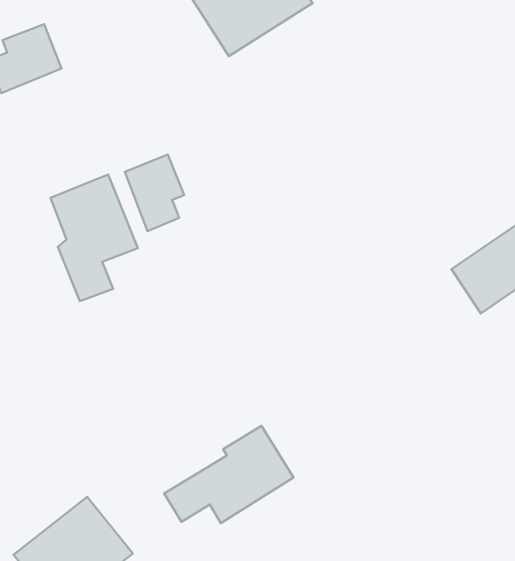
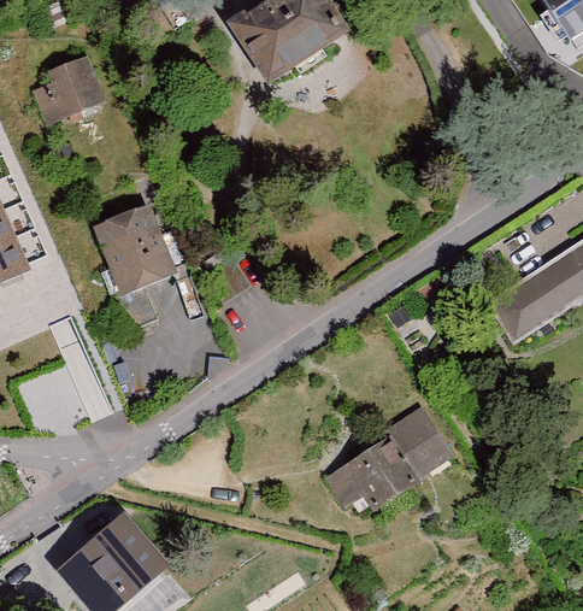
building: [125,155,184,231] -> none
building: [164,426,293,523] -> [326,406,453,501]

